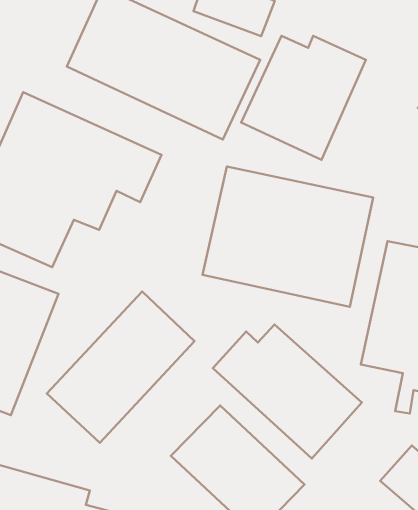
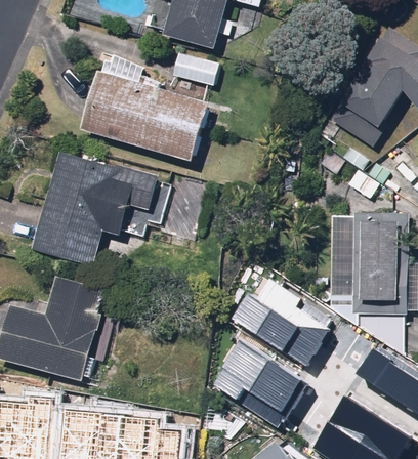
building: [241,36,366,160] -> none
building: [203,166,373,307] -> none
building: [47,291,194,443] -> none

